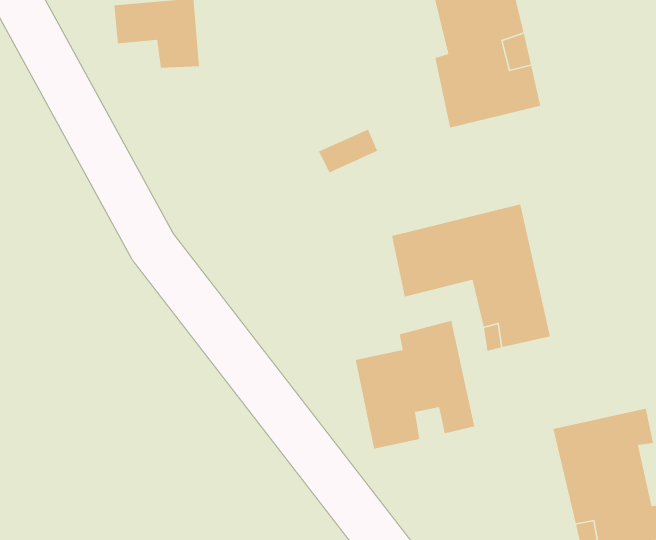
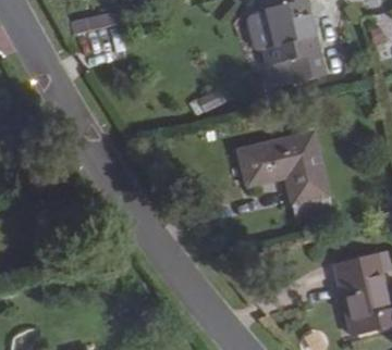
building: [355,320,475,450] -> none

